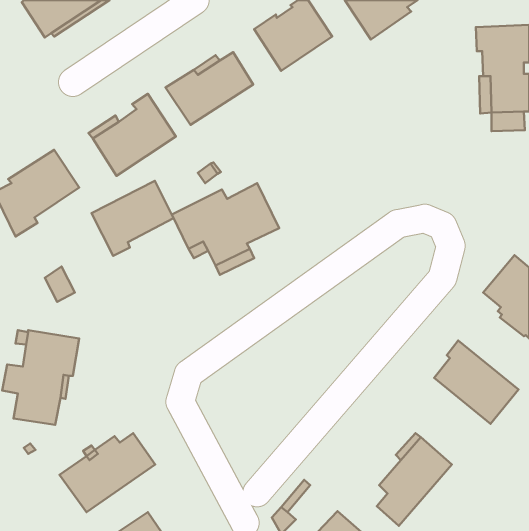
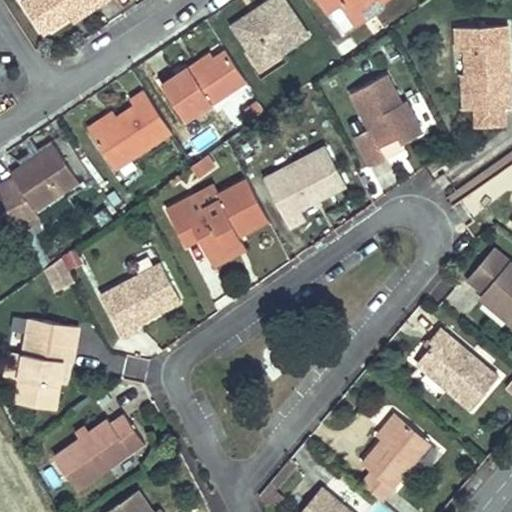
building: none -> [350,74,423,166]
building: none -> [263,144,346,225]
building: [91,181,174,256] -> [105,266,184,338]

